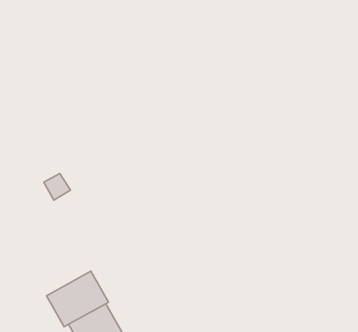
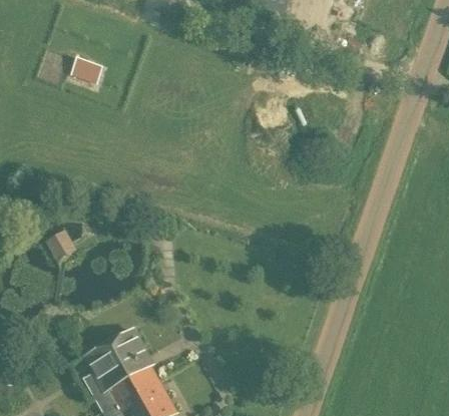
building: none -> [67,56,100,83]
building: [44,173,71,200] -> [44,229,74,259]

